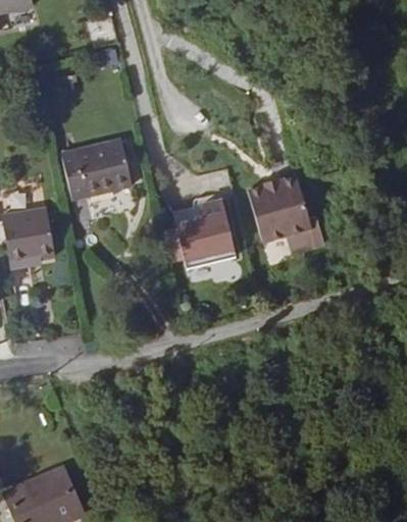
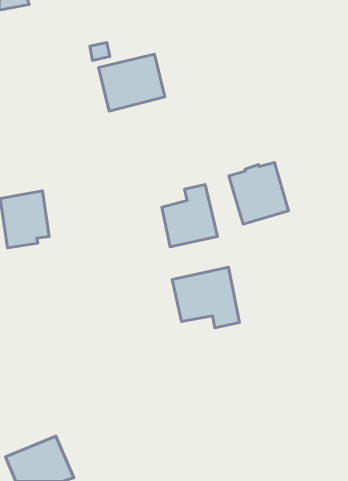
building: [60,139,132,200] -> [99,54,165,111]
building: none -> [172,267,240,328]

